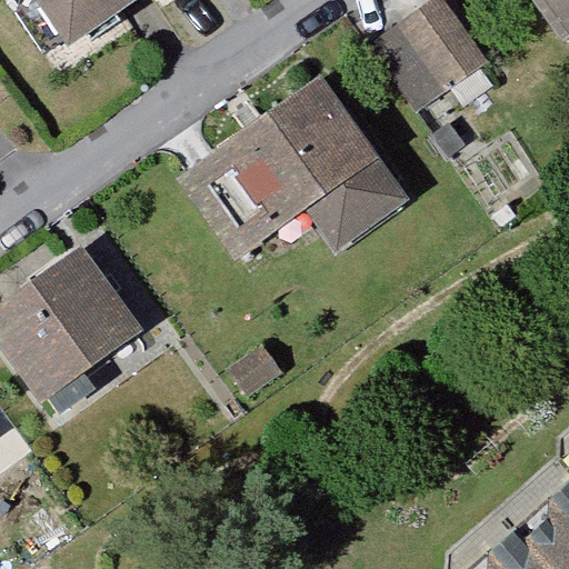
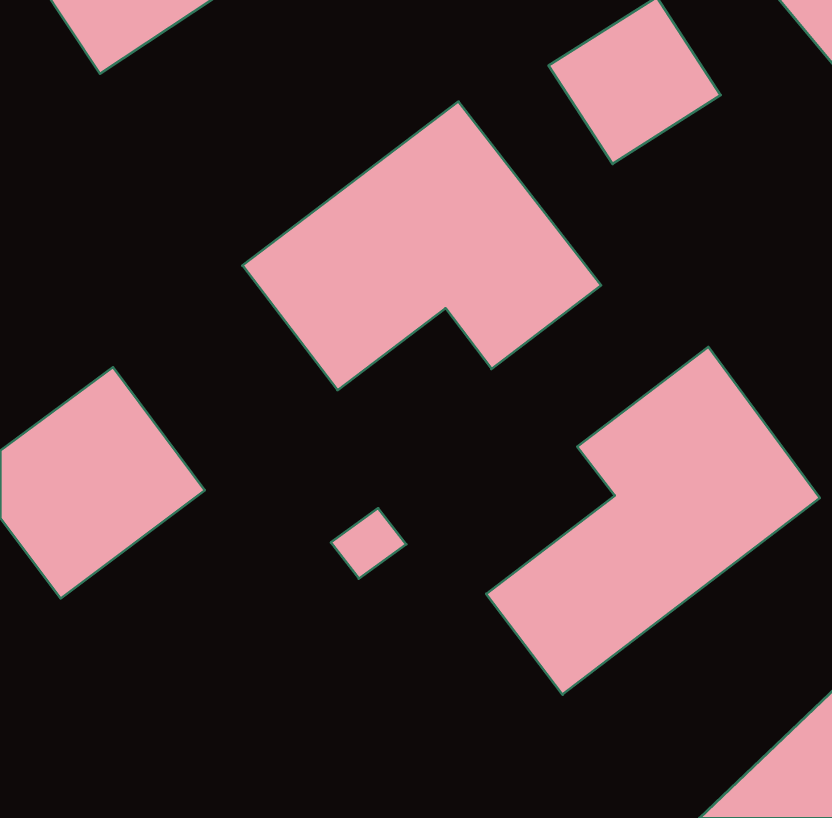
building: none -> [486,347,820,695]

